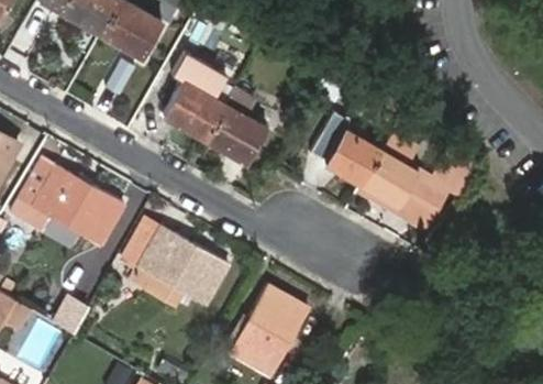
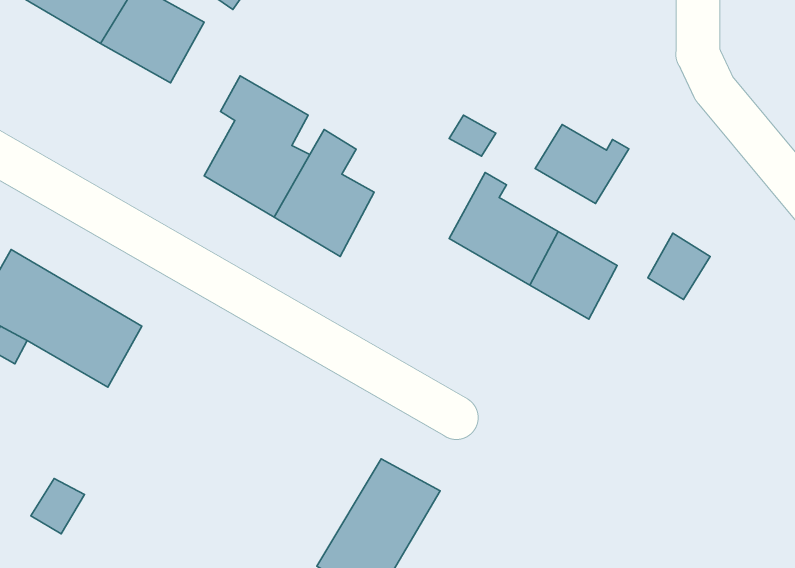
building: none -> [535,125,629,203]
building: [398,169,443,218] -> none
building: [124,220,229,308] -> none

